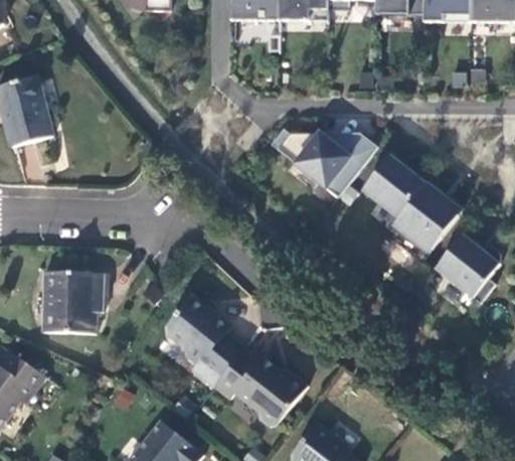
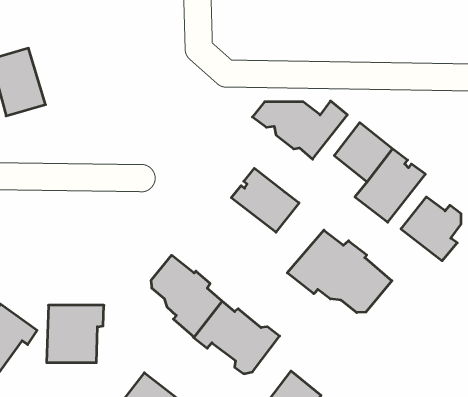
building: none -> [231,168,299,232]
building: none -> [287,230,392,313]
building: [44,272,106,333] -> [47,305,104,363]

